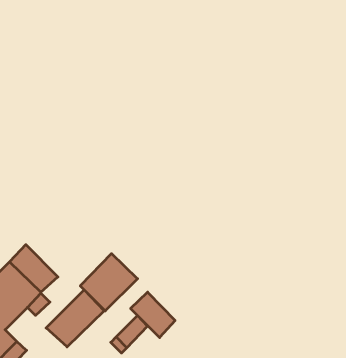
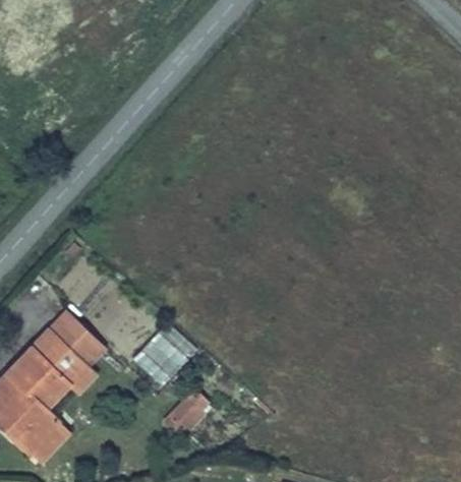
building: [46,290,104,347] -> none
building: [131,292,175,338] -> none

